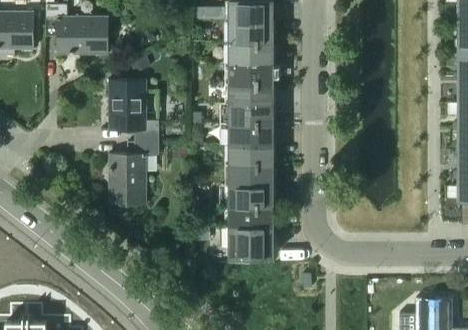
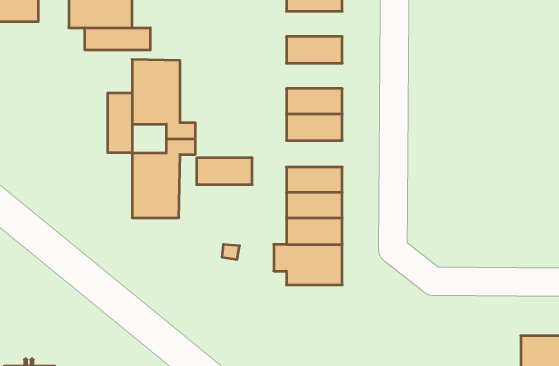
building: [229,43,273,63] -> none
building: none -> [85,28,150,50]
building: [229,84,273,104] -> none
building: none -> [108,93,132,153]
building: [229,145,273,166] -> [197,158,252,185]

